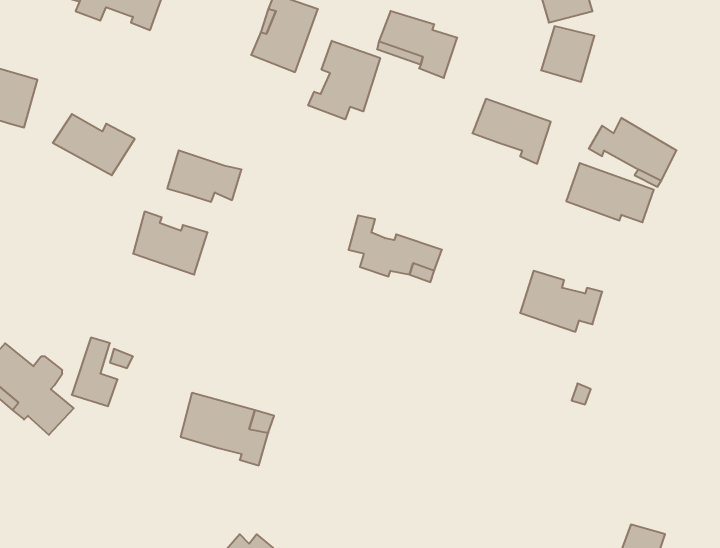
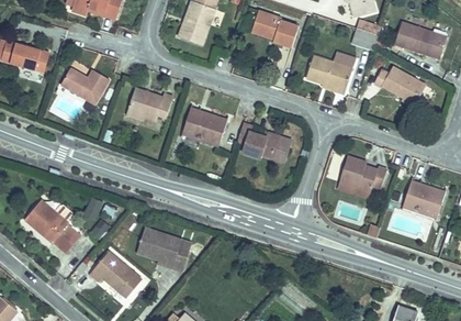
building: [308,41,380,119] -> none
building: [566,163,654,222] -> [393,26,443,60]
building: [133,212,208,275] -> [184,110,227,146]
building: none -> [405,185,445,218]
building: none -> [89,254,139,299]

